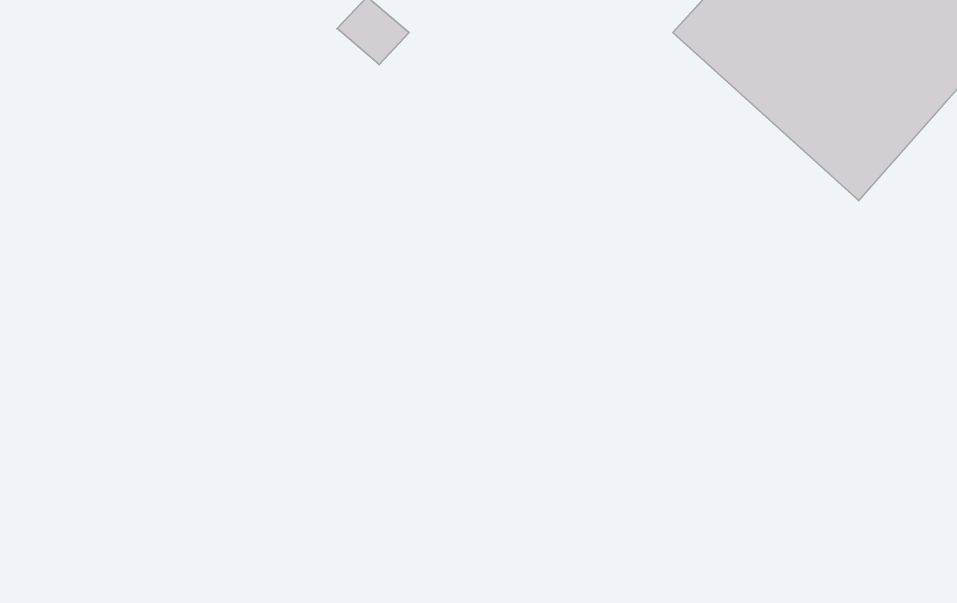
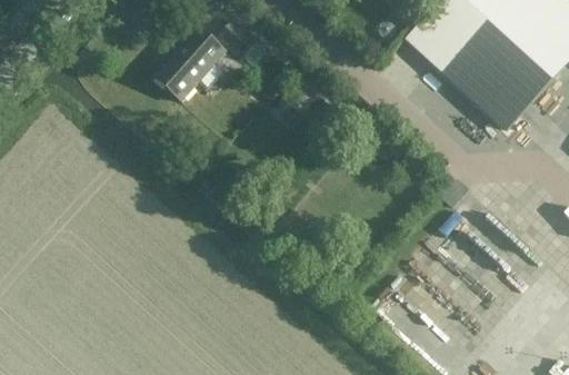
building: none -> [153,26,226,99]

